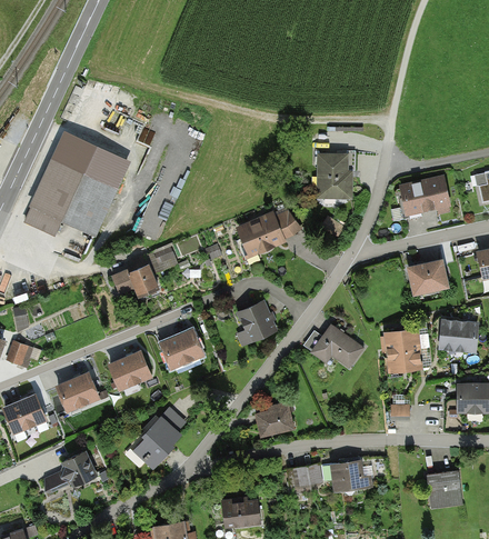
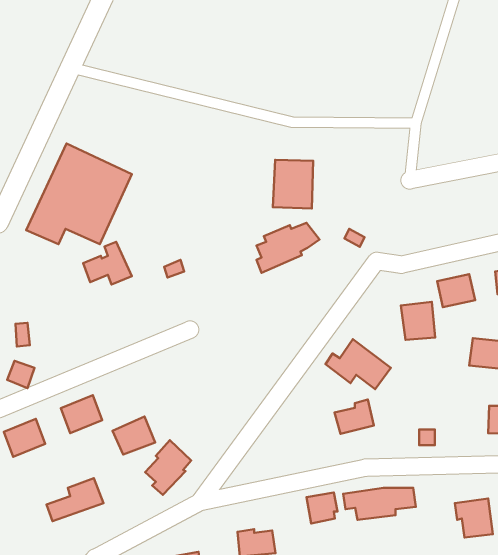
building: [320,154,358,200] -> [273,160,313,208]
building: [399,177,447,212] -> none
building: [112,256,158,296] -> [83,242,132,284]
building: [238,301,275,340] -> none
building: [162,331,201,367] -> none
building: [387,331,419,367] -> [401,302,435,340]
building: [109,351,149,387] -> [112,416,155,454]
building: [256,402,292,435] -> [335,400,374,434]

